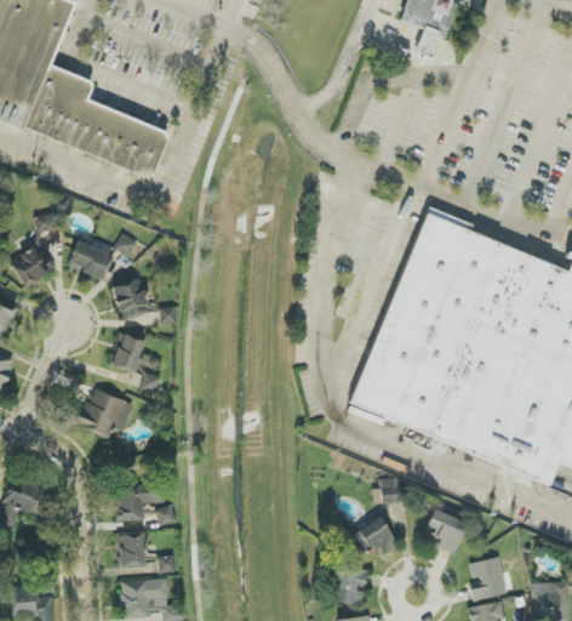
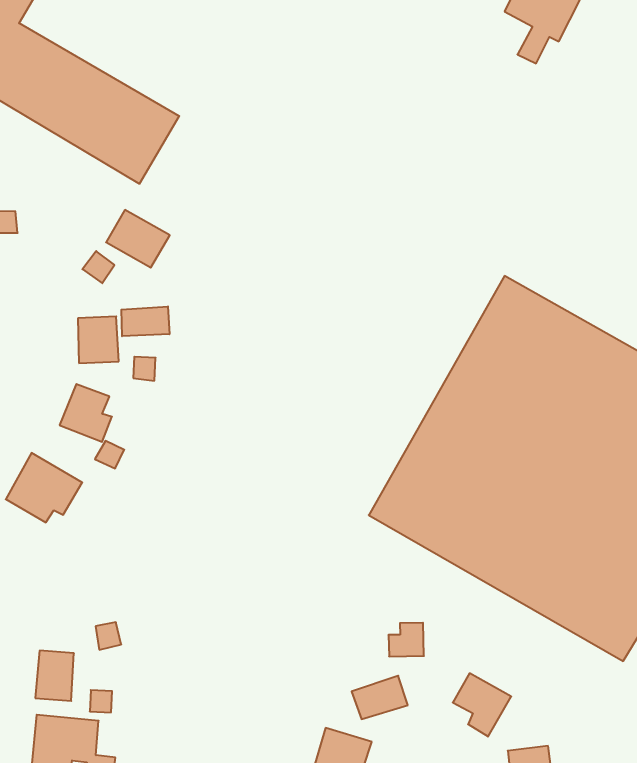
building: [69,240,115,280] -> [106,210,170,268]
building: none -> [121,306,169,336]
building: [116,483,165,522] -> none

